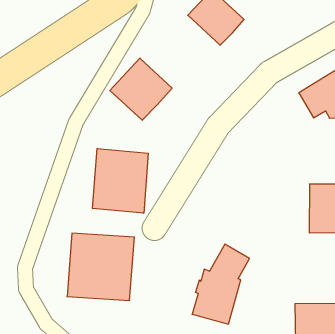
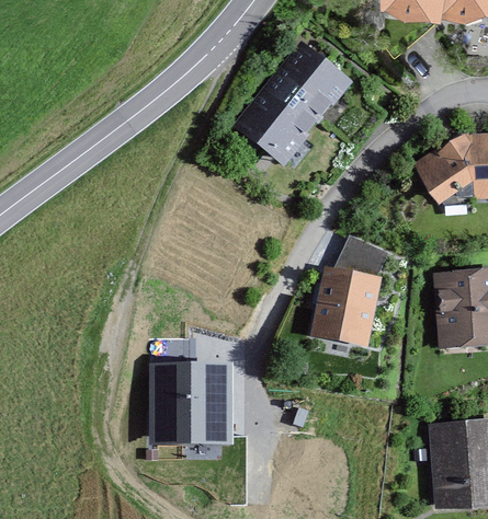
building: [110,58,172,120] -> [240,84,317,161]
building: [93,148,148,213] -> none
building: [192,244,249,324] -> [318,240,384,338]

